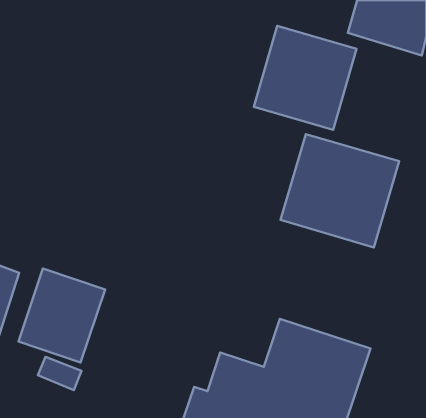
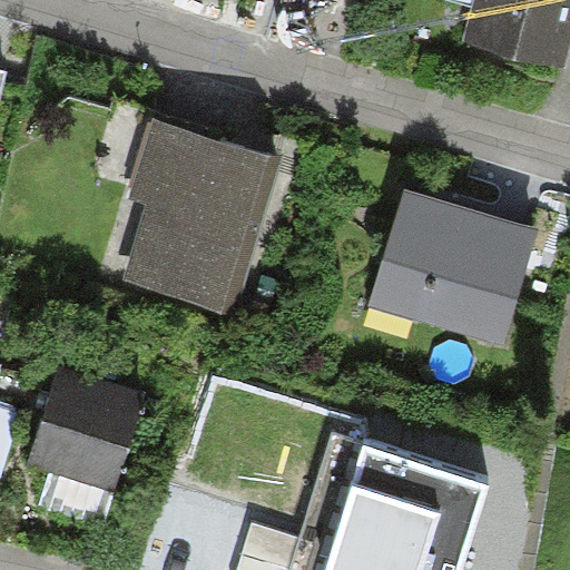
building: [254,26,356,130] -> none
building: none -> [128,120,272,305]

